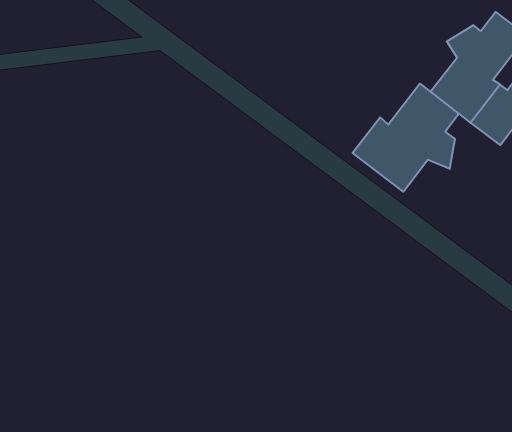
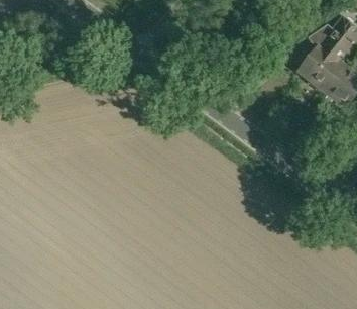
building: [353,84,459,192] -> none

